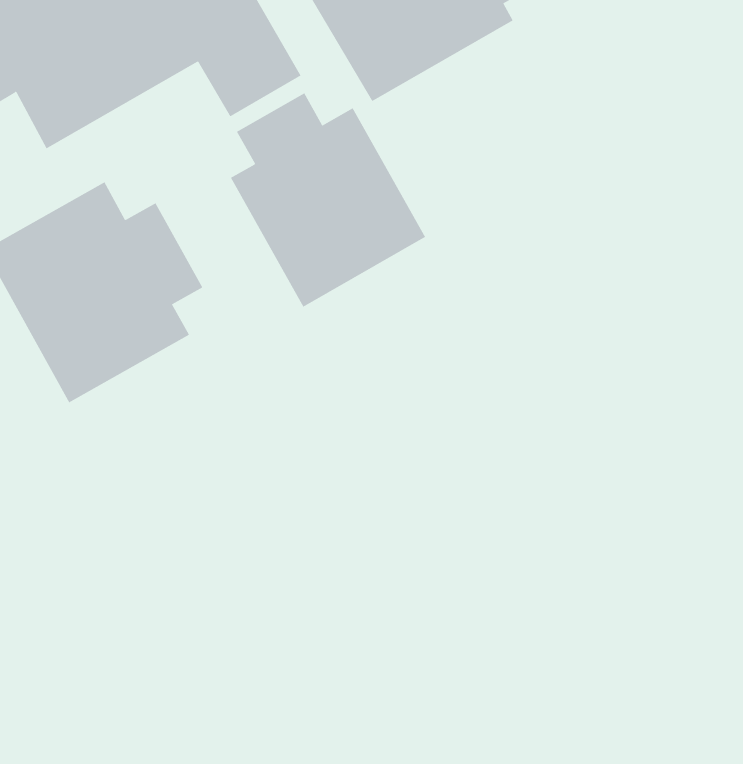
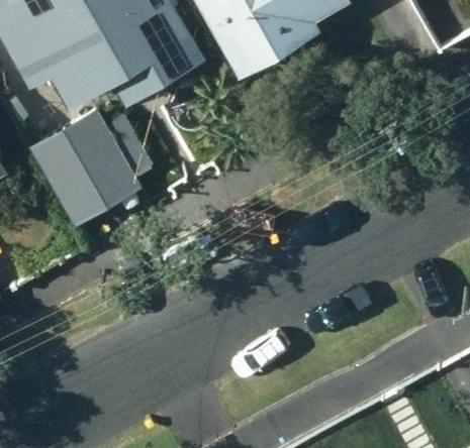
building: [230,92,426,307] -> none

